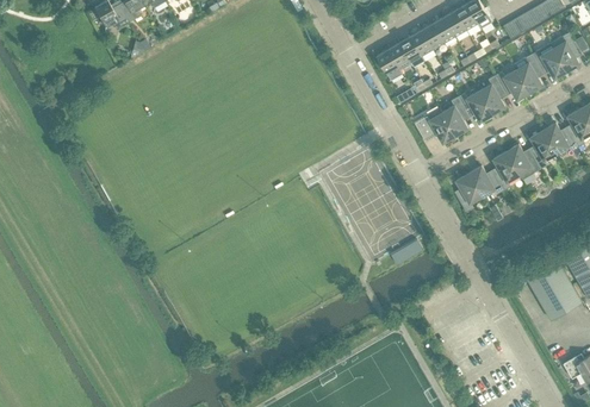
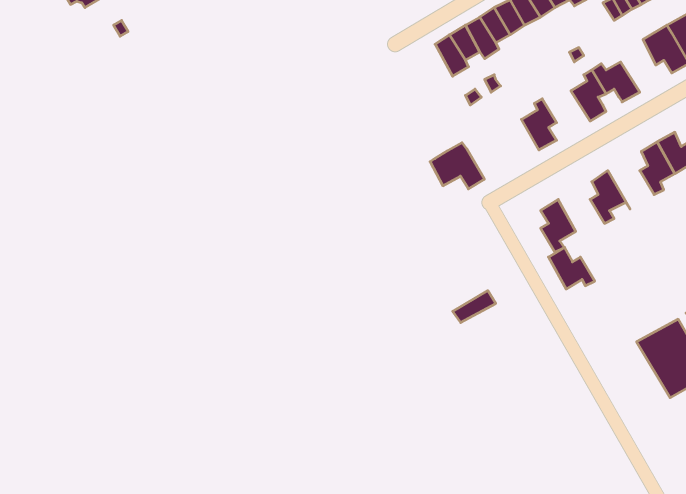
building: [513,54,541,93] -> none
building: [457,92,492,121] -> none
building: [414,108,454,143] -> [430,143,484,189]
building: [505,144,540,180] -> none
building: [468,165,503,196] -> [548,247,595,289]

